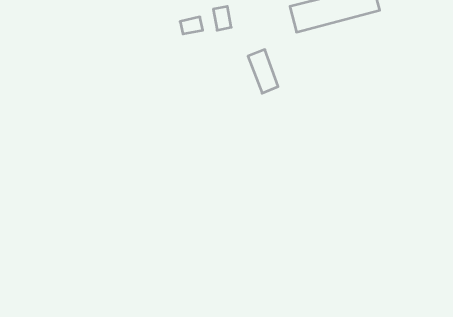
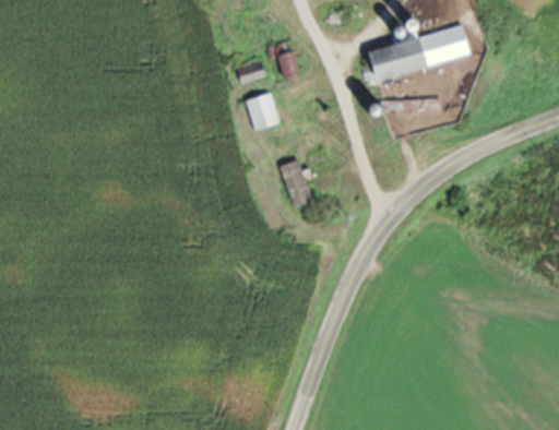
building: none -> [247,93,281,130]
building: [248,50,278,93] -> [280,158,314,208]

